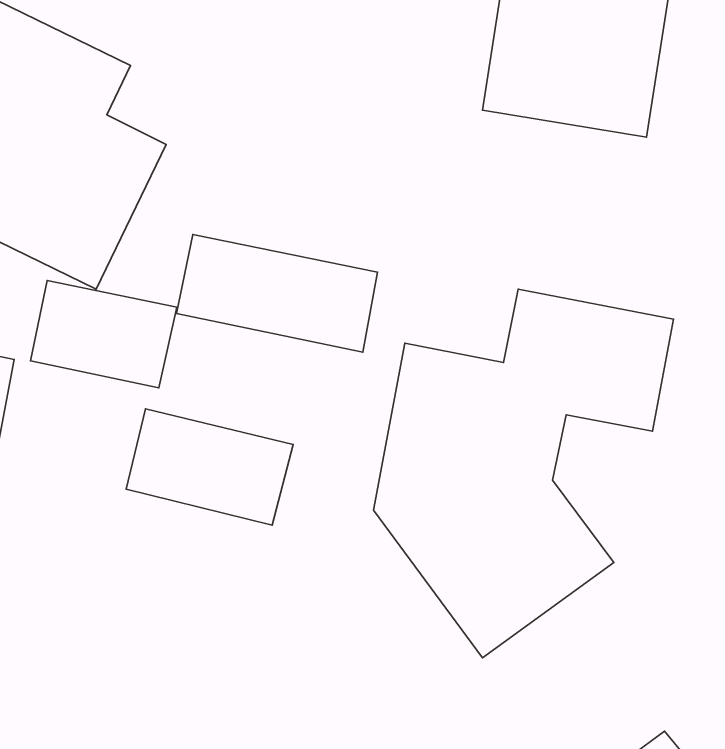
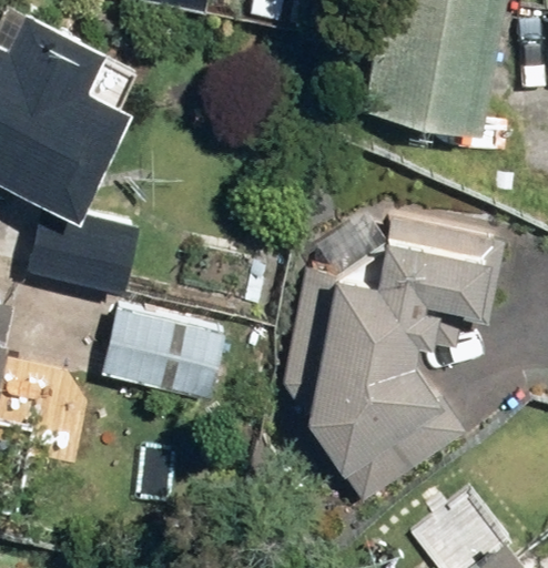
building: [176,234,378,352] -> none

